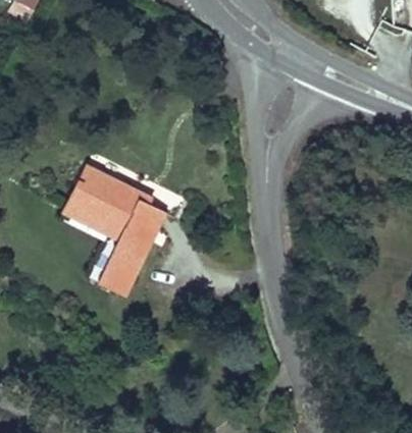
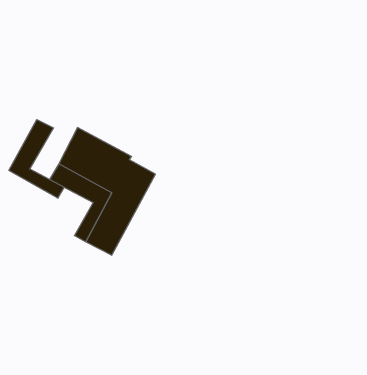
building: none -> [9,120,64,198]

